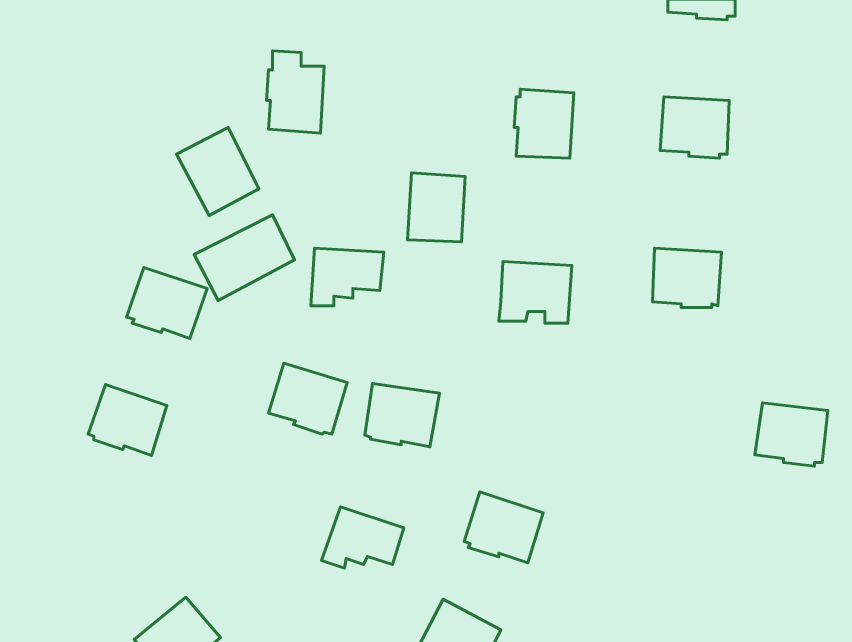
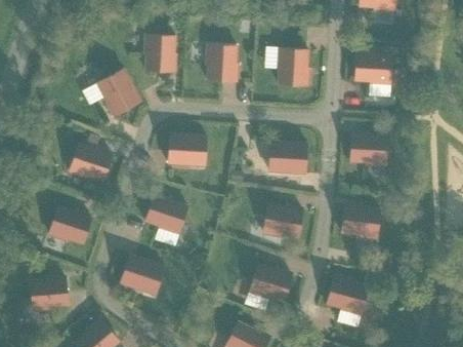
building: [408,173,465,242] -> [207,44,238,81]
building: [194,215,295,301] -> none
building: [365,384,440,447] -> [263,204,303,238]
building: [755,403,828,466] -> [341,205,380,239]
building: [321,507,404,568] -> [120,255,164,287]
building: none -> [327,277,368,314]
building: none -> [31,278,68,311]

